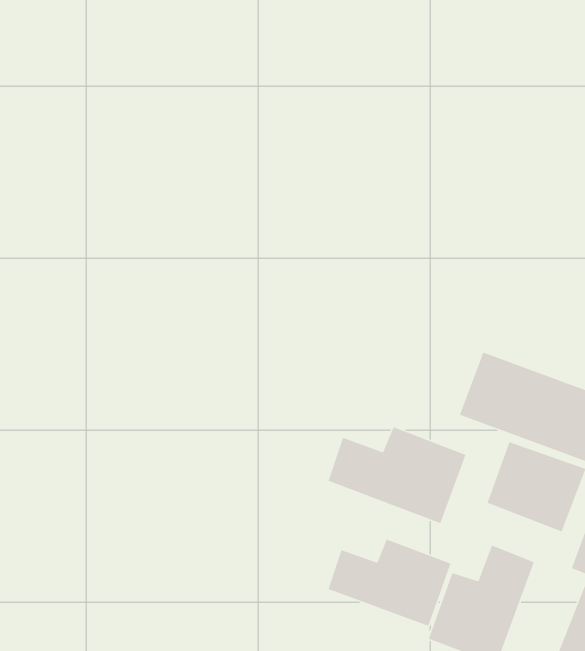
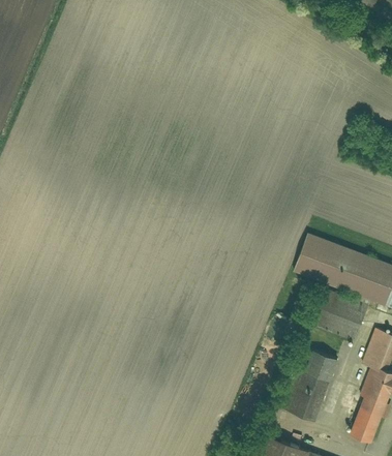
building: [327,426,466,524] -> none
building: [328,539,452,627] -> none

